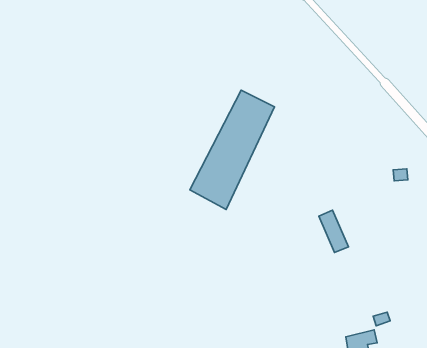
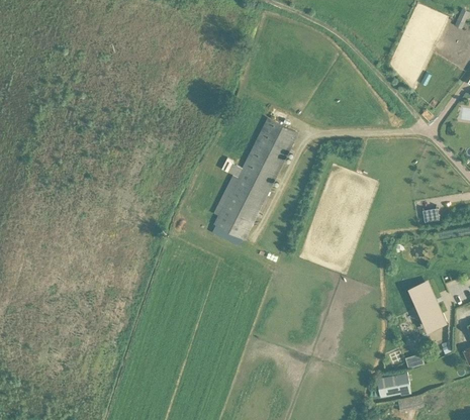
building: [319,210,348,253] -> [409,283,440,326]

